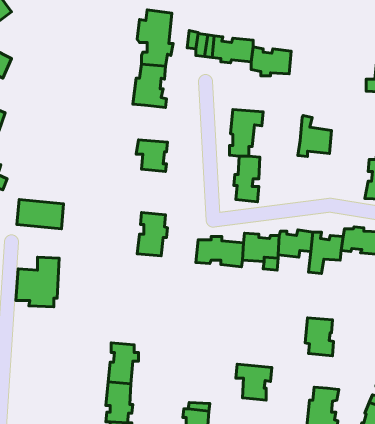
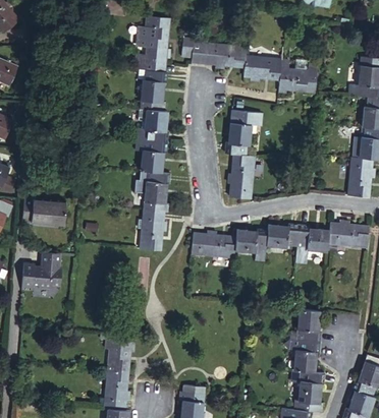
building: none -> [134,109,166,143]
building: [298,115,332,157] -> [277,56,309,95]
building: none -> [132,169,169,213]
building: [236,364,272,400] -> [286,341,320,374]

